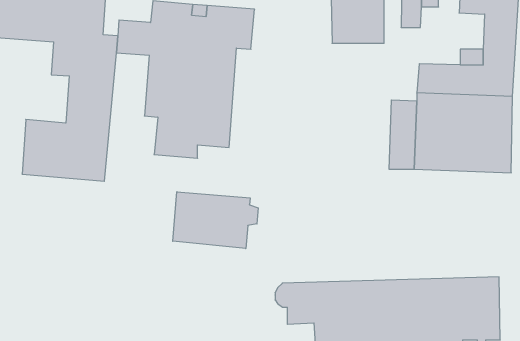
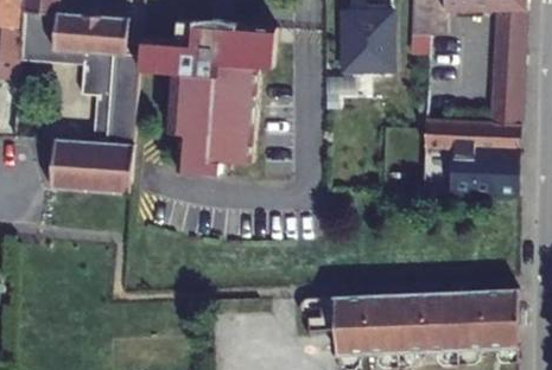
building: [173,192,258,249] -> none

